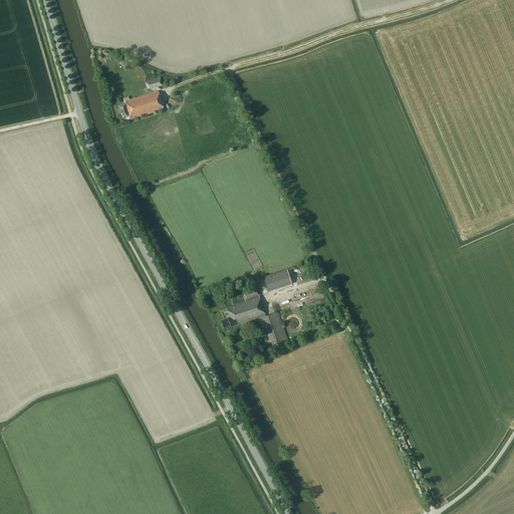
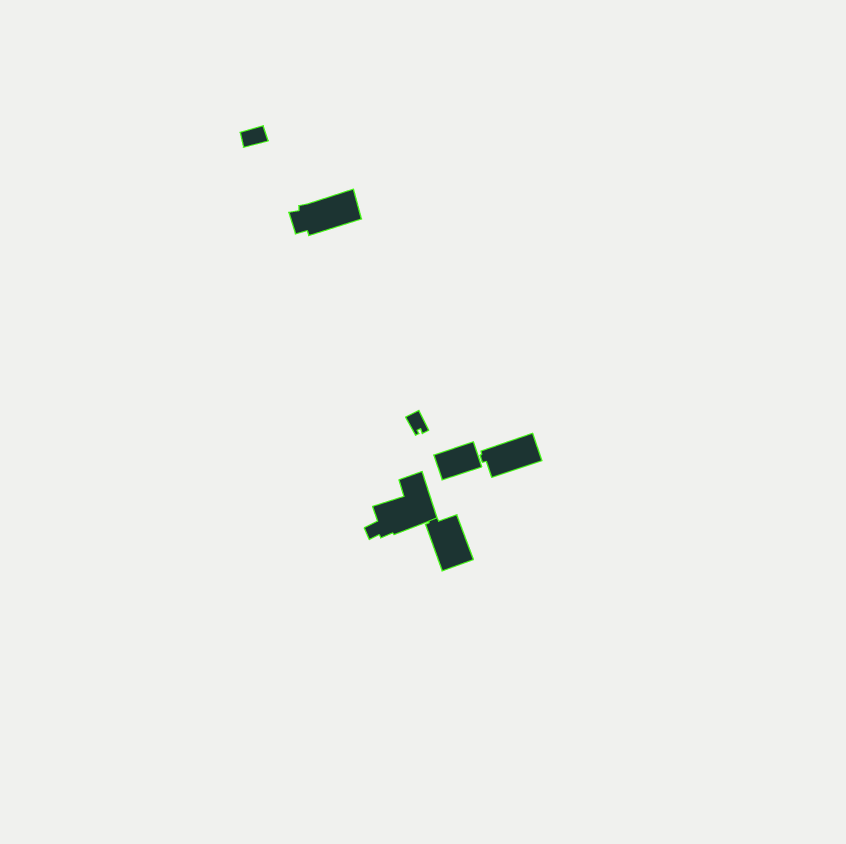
building: [118,90,163,118] -> [289,189,362,236]
building: none -> [480,433,542,477]

